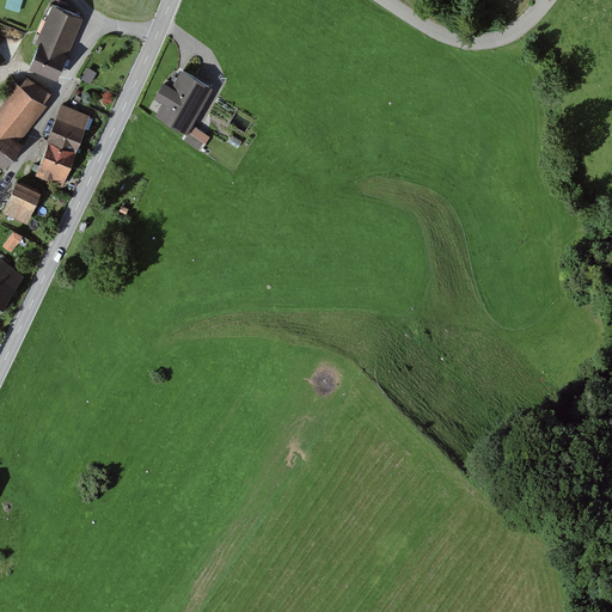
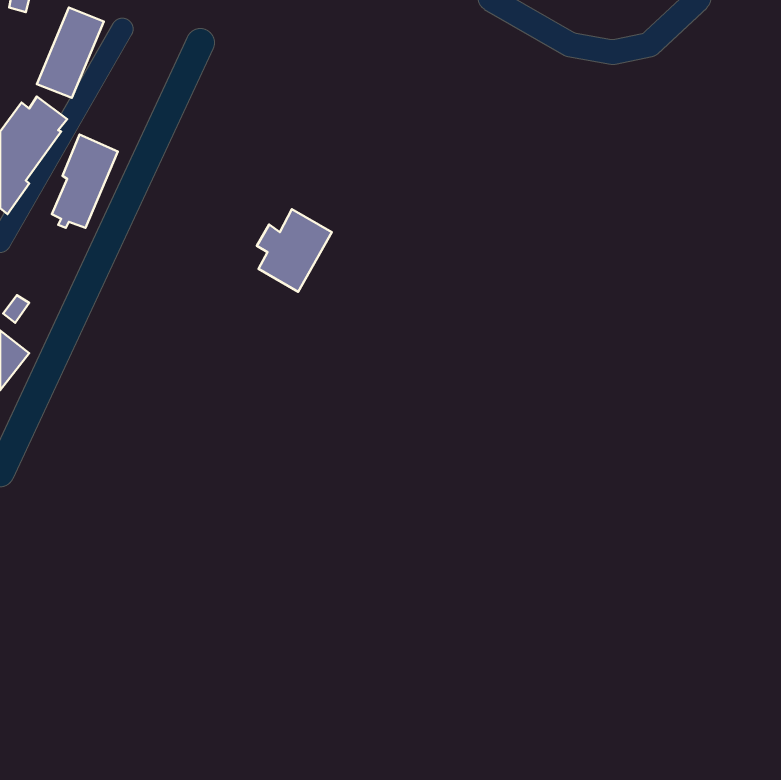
building: [154,71,213,135] -> [257,209,332,292]
building: [5,179,42,220] -> none

